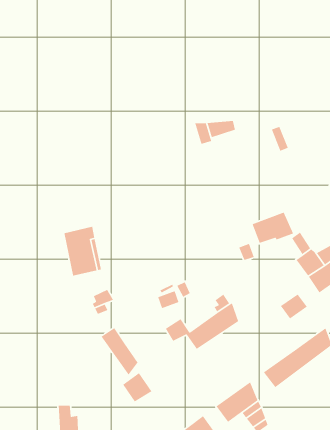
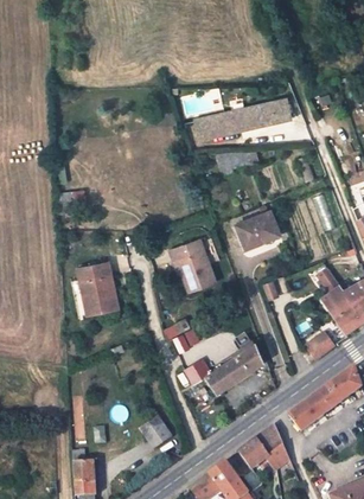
building: none -> [194,98,290,140]
building: none -> [168,239,216,292]
building: [251,211,294,244] -> [235,211,280,245]
building: [101,327,139,376] -> none

